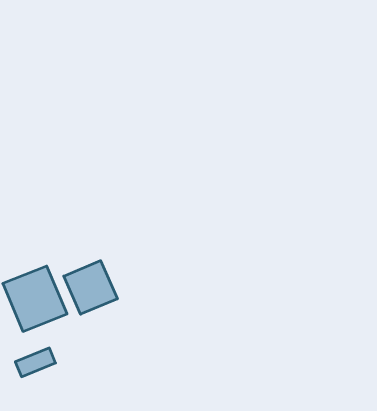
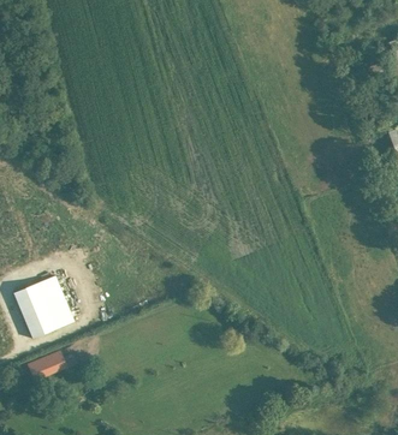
building: [64,261,117,314] -> none

